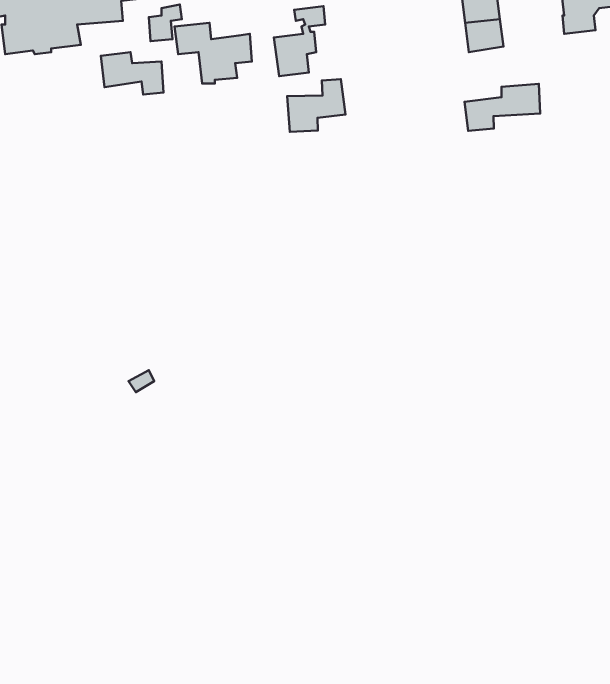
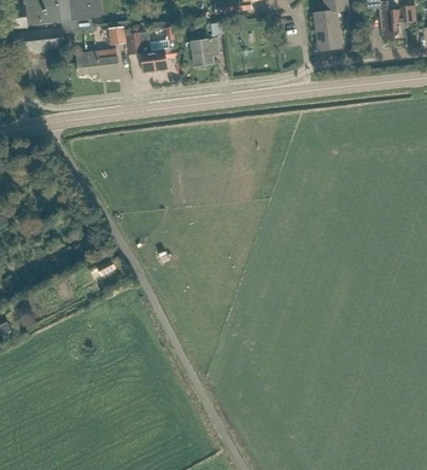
building: [287,79,345,132] -> none
building: [465,84,540,131] -> none

